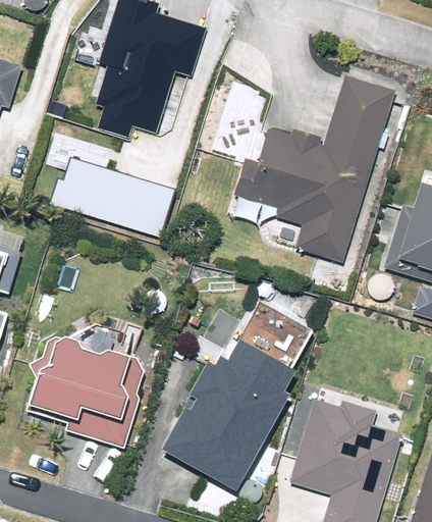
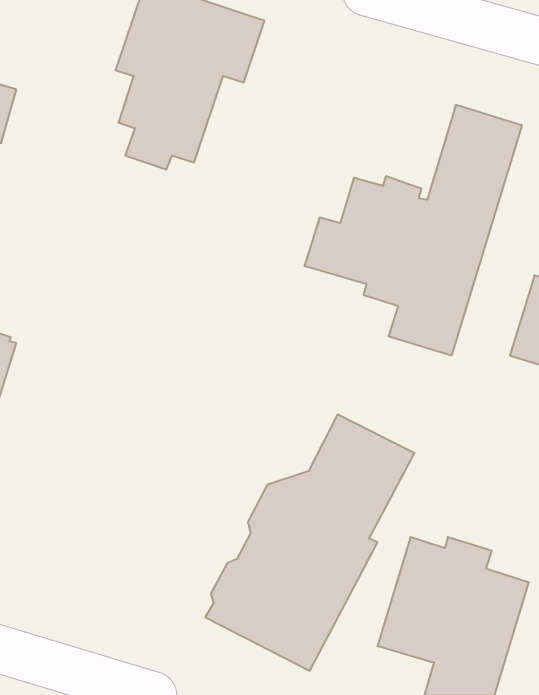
building: [54,146,172,226] -> none
building: [28,327,144,451] -> none

